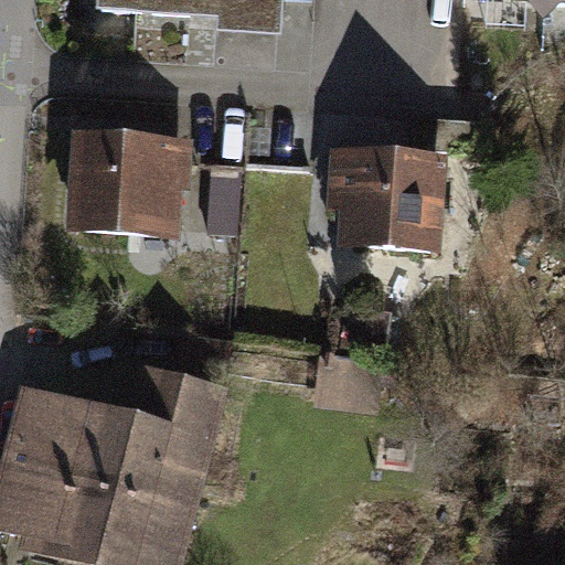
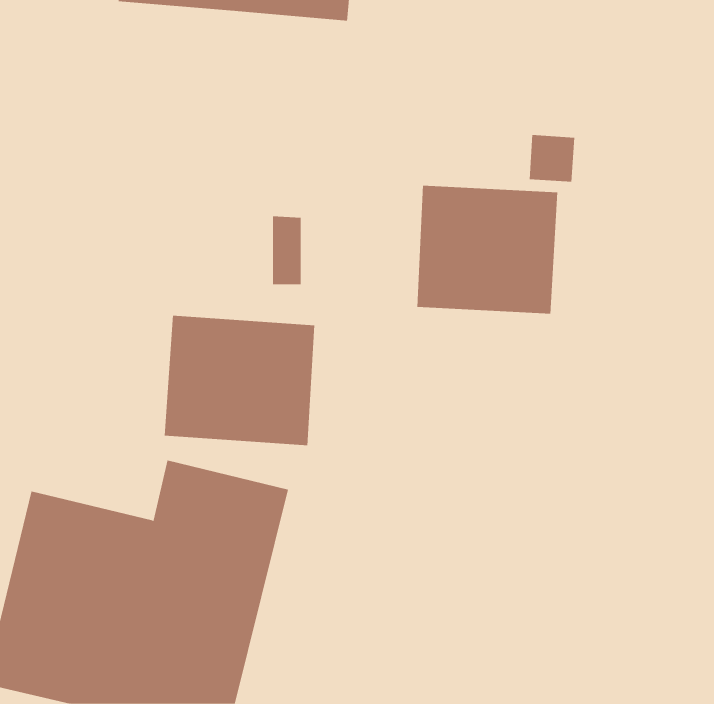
building: [67,138,186,241] -> [164,315,315,446]

